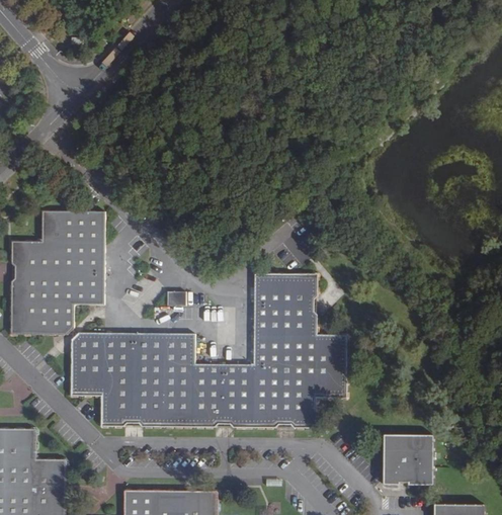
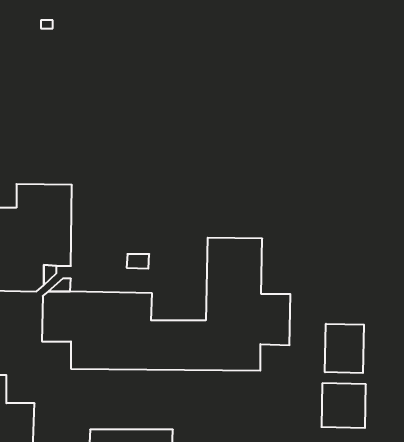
building: none -> [325,324,364,373]

